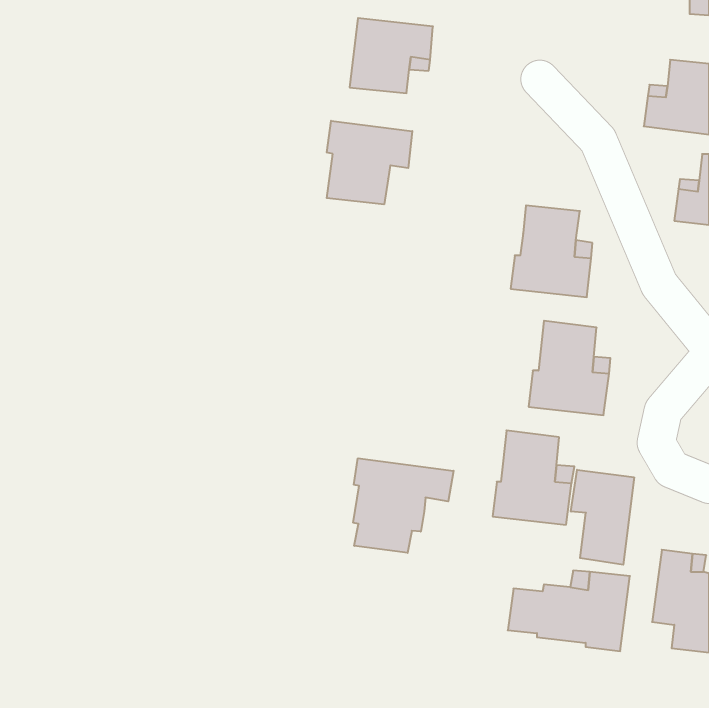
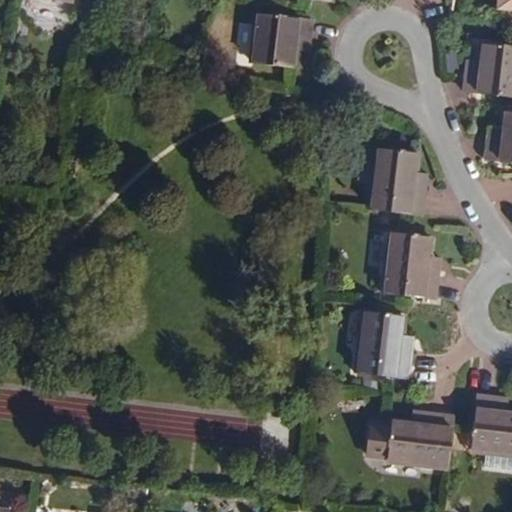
building: [327,121,412,204] -> none
building: [353,458,454,553] -> none
building: [571,470,634,565] -> none

